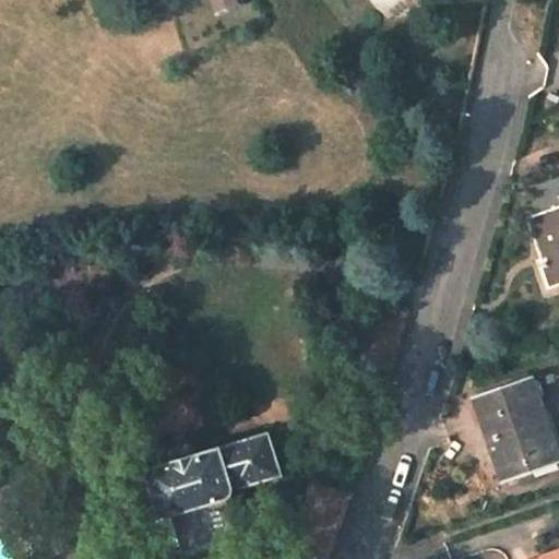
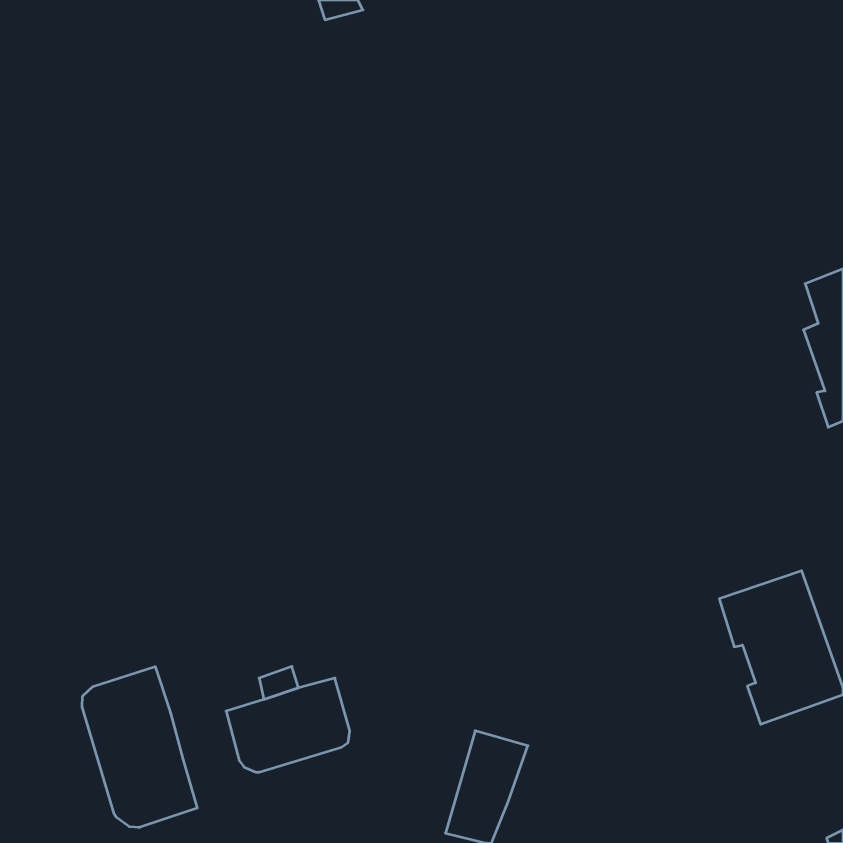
building: [222,432,283,485] -> none
building: none -> [82,667,197,828]

